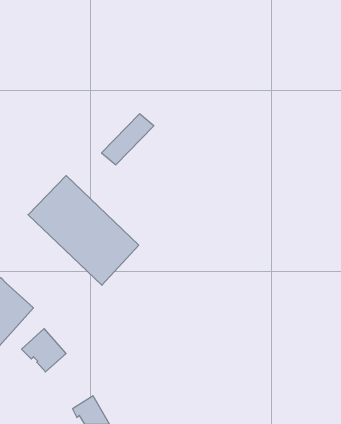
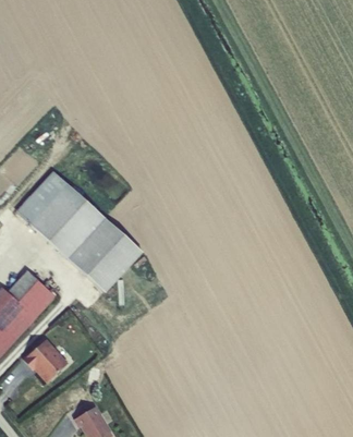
building: [102,114,154,165] -> [15,172,68,223]
building: none -> [8,270,54,317]

